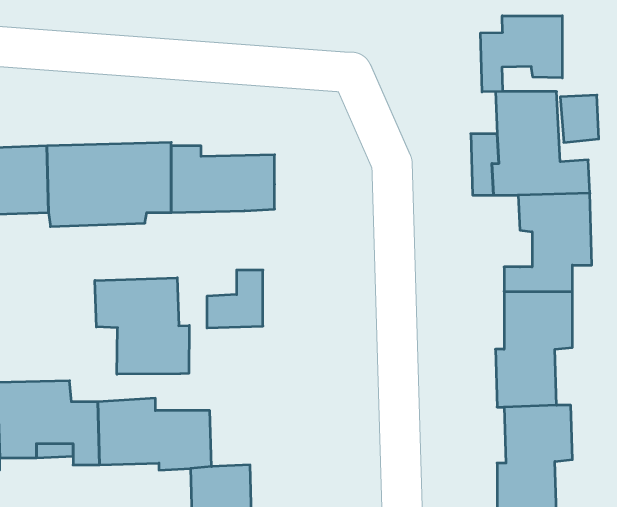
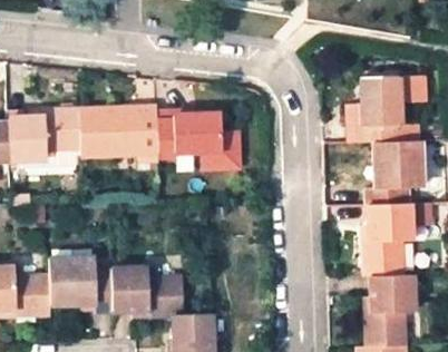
building: [481,16,562,92] -> none
building: [207,270,263,328] -> [203,131,238,168]
building: [95,278,189,374] -> none

